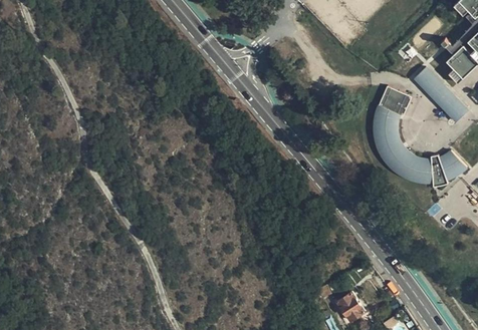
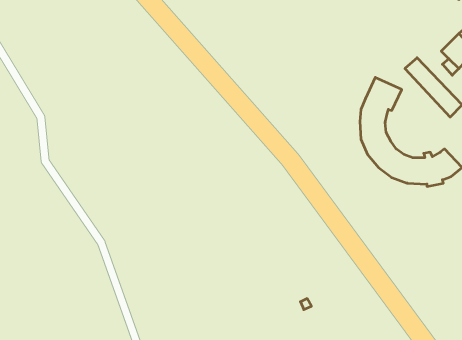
building: [336,291,364,320] -> none

